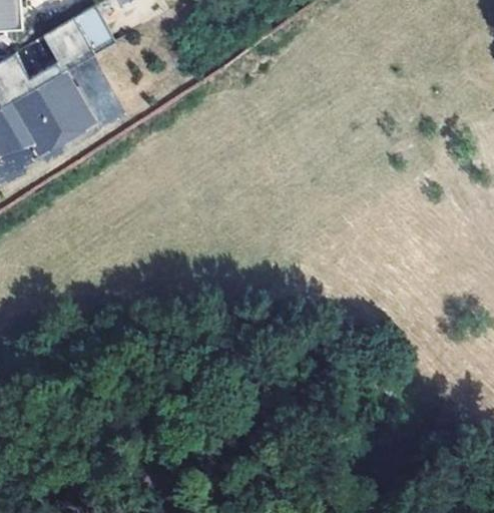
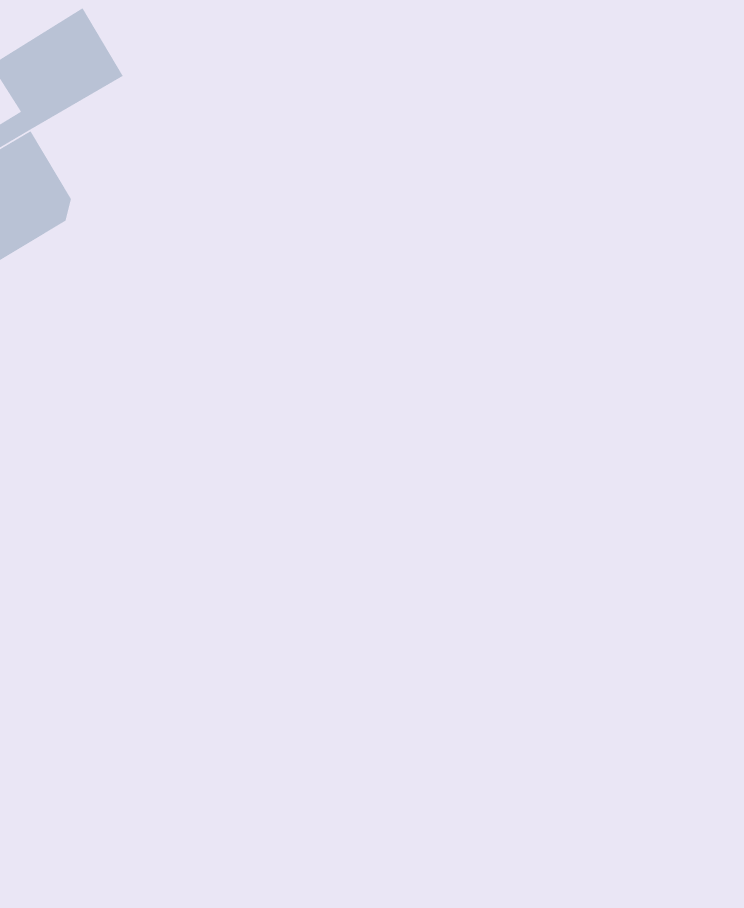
building: [76,68,120,125] -> none

